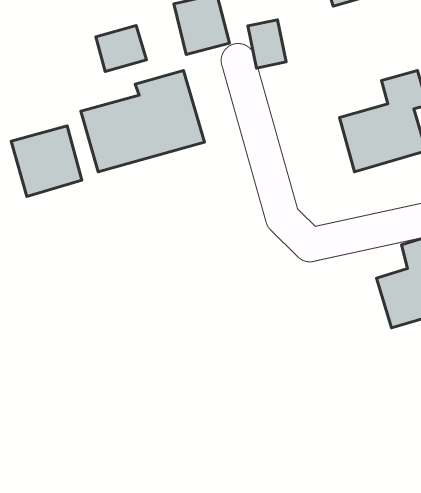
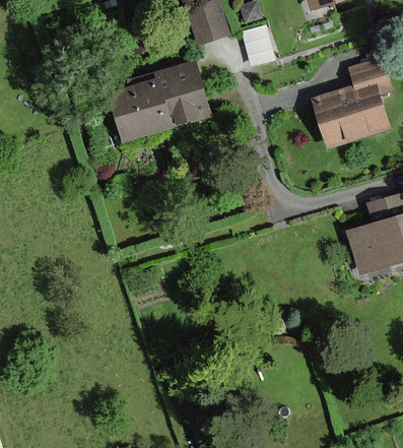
building: [96,26,147,72] -> none
building: [11,126,82,196] -> none

